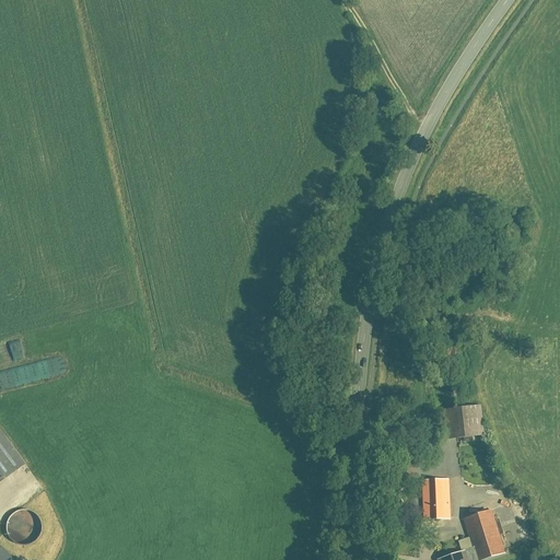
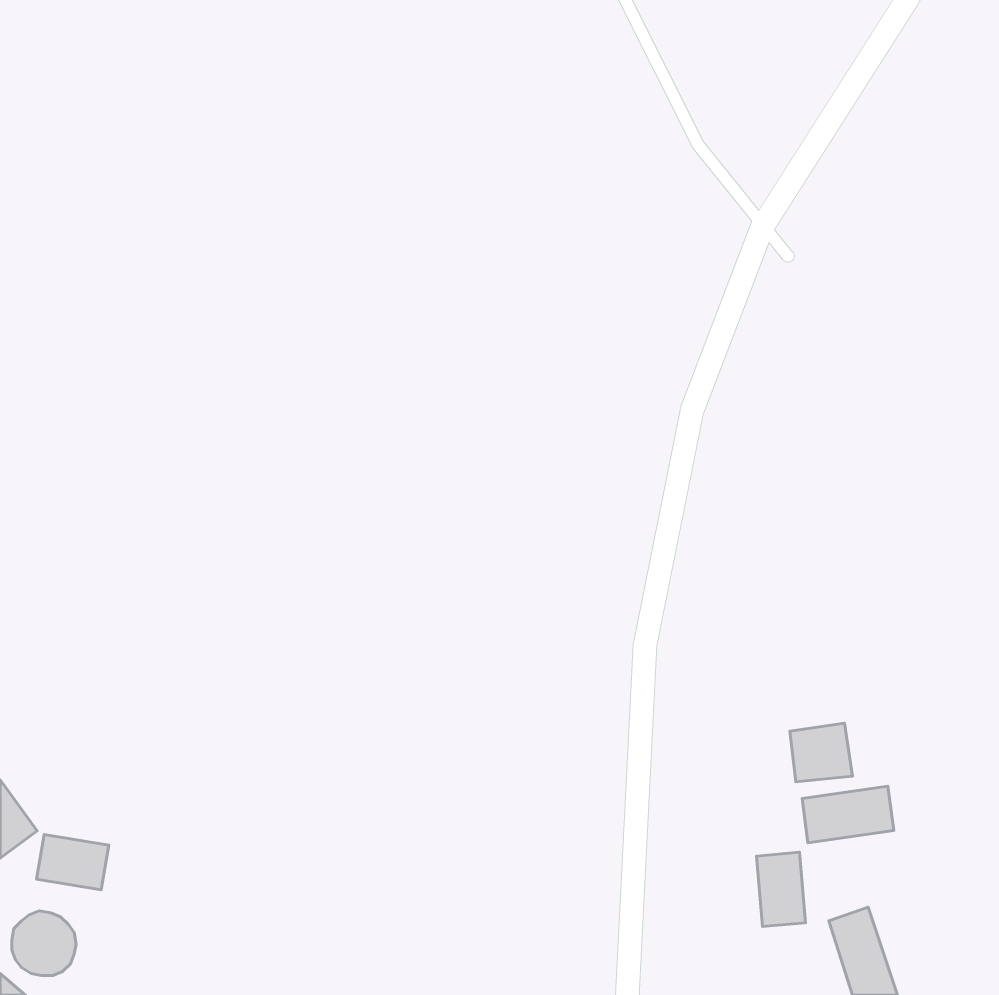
building: none -> [802,786,894,843]
building: none -> [37,835,109,890]

